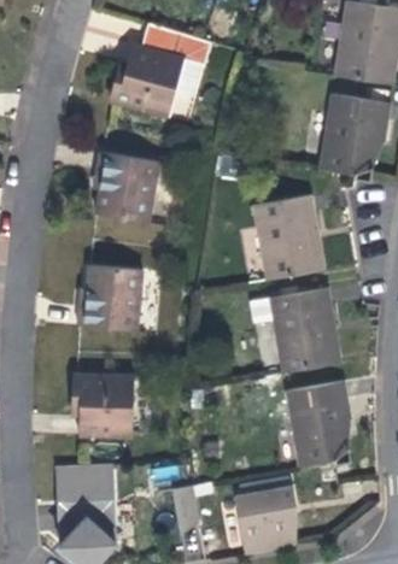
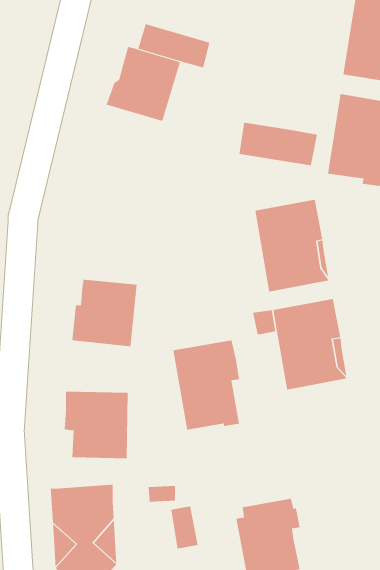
building: none -> [239,122,318,166]
building: [95,155,156,224] -> none
building: [286,380,350,465] -> [172,340,240,430]

